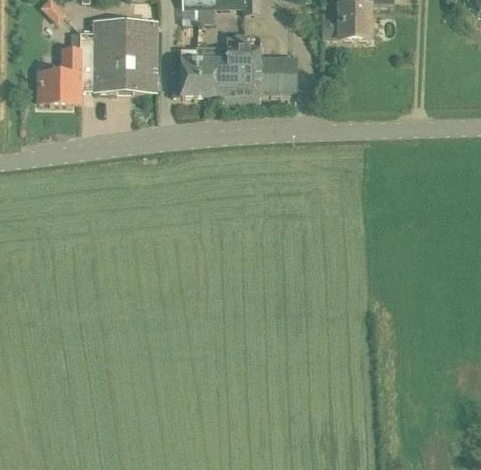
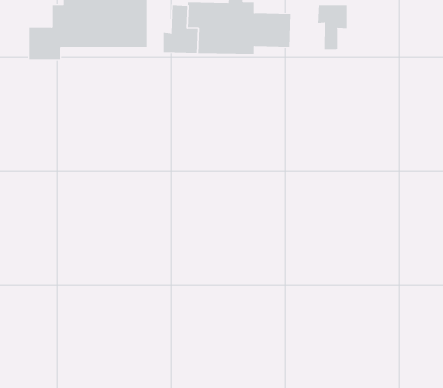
building: none -> [318,4,347,50]

